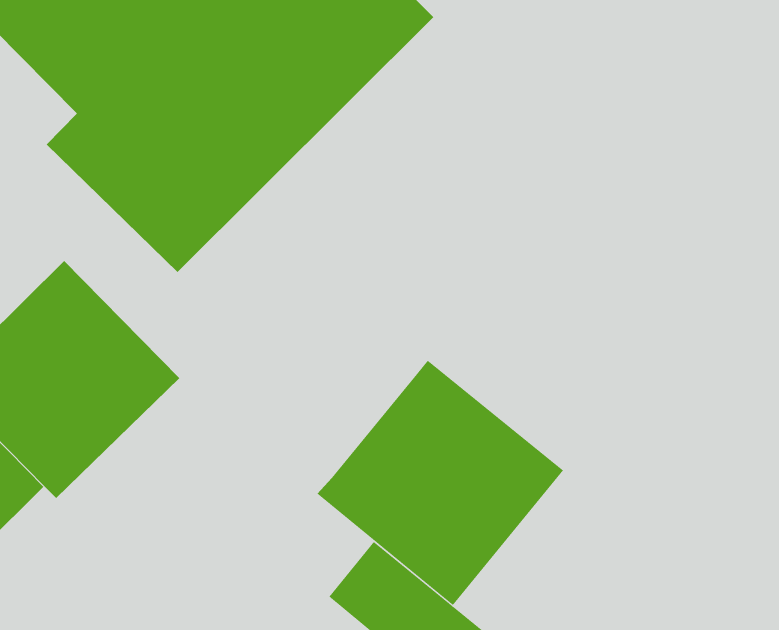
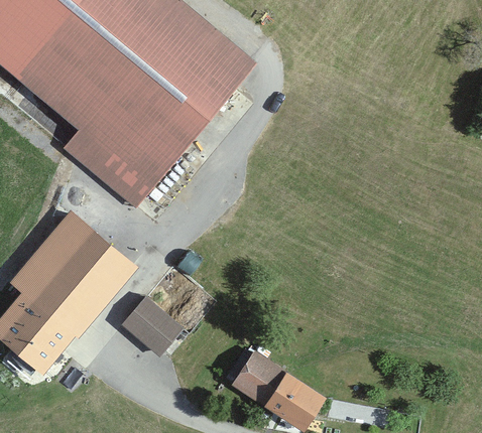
building: [317,360,564,606] -> none
building: none -> [121,296,180,353]

